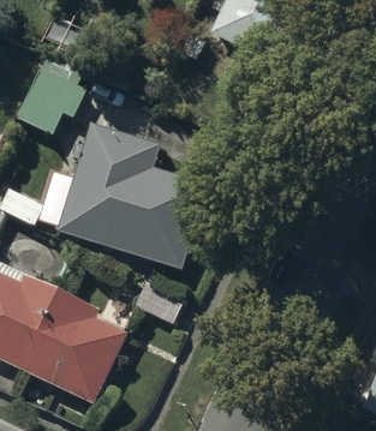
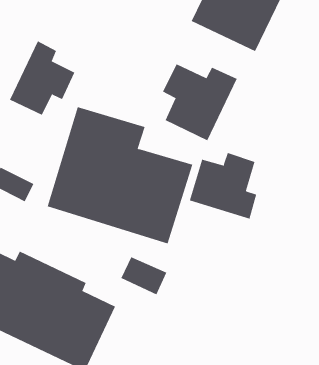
building: none -> [162,64,238,141]
building: none -> [189,152,257,220]

